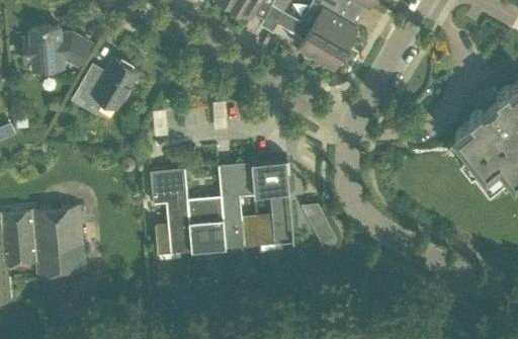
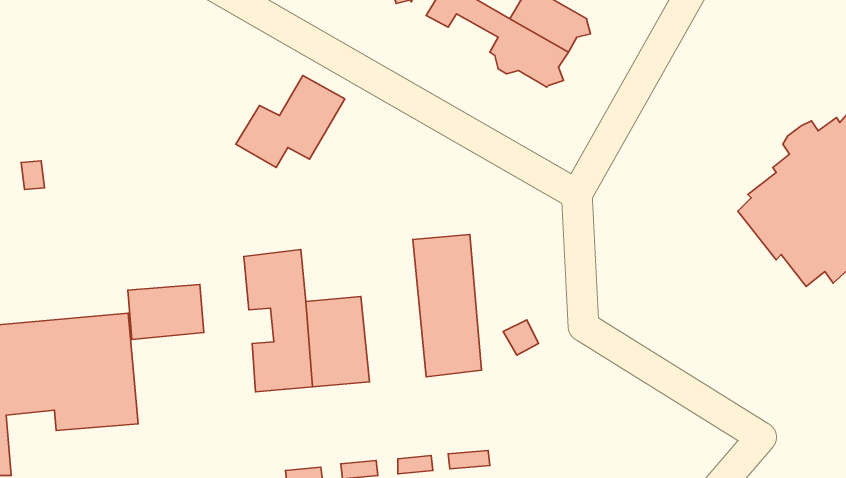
building: [23,27,92,71] -> none
building: [73,59,139,114] -> [236,75,345,168]
building: [220,162,261,248] -> none
building: none -> [128,285,204,340]

